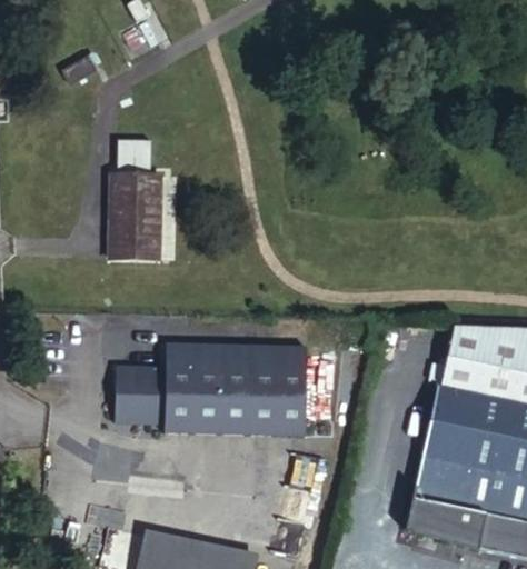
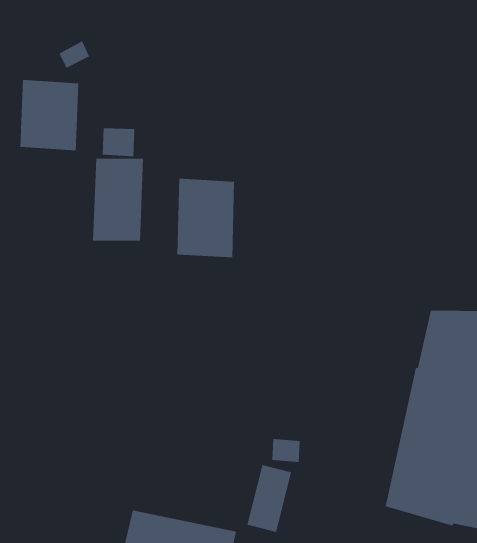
building: none -> [20,79,79,151]
building: none -> [177,178,235,258]
building: [118,342,309,435] -> none

